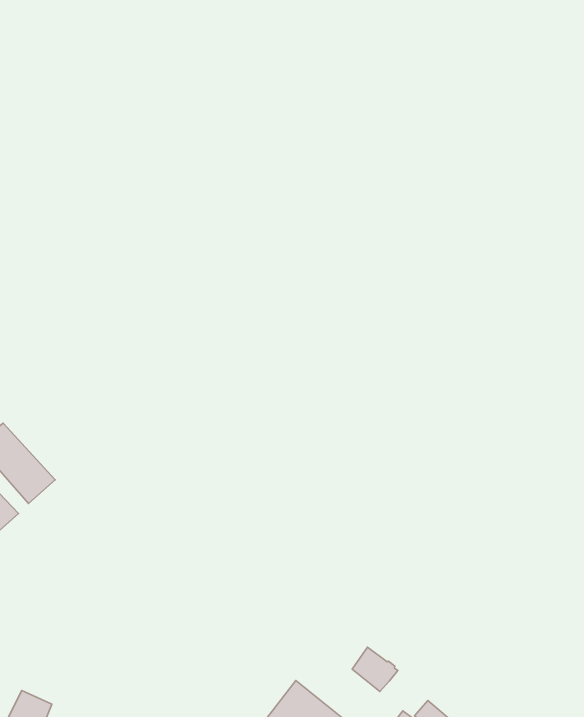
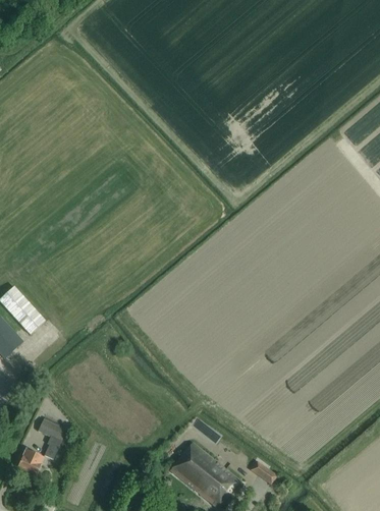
building: none -> [37,419,64,459]
building: [352,647,398,692] -> none

